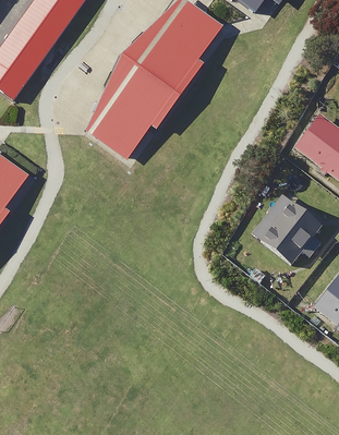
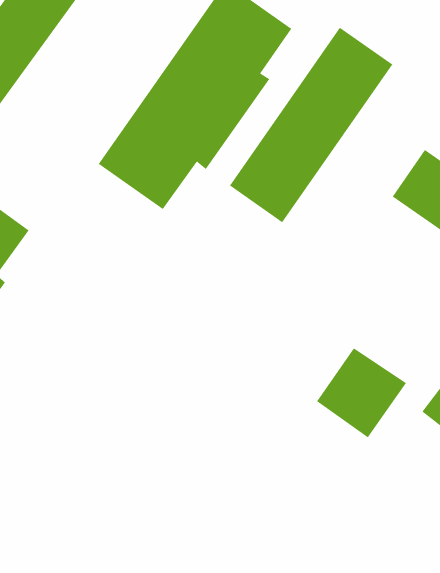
building: none -> [229,27,393,223]
building: [261,198,327,265] -> [316,348,407,438]

